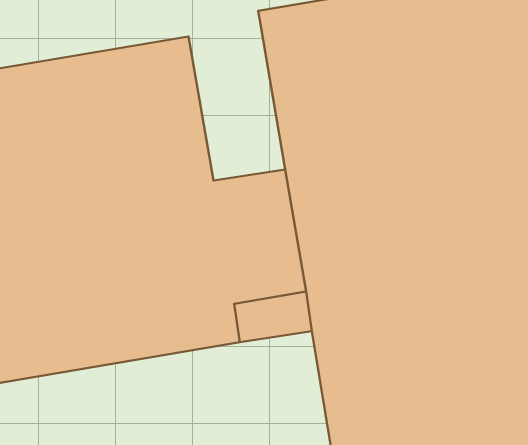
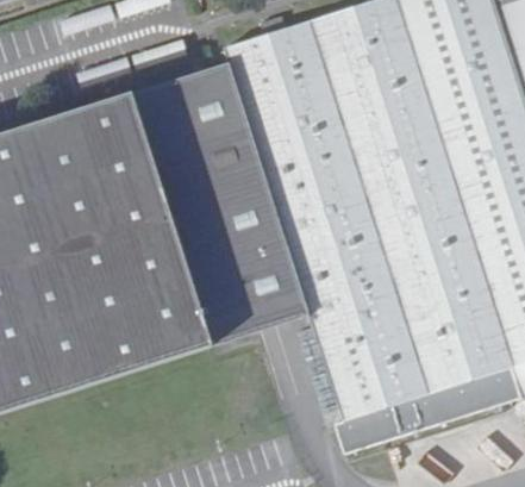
building: none -> [170,60,267,195]

